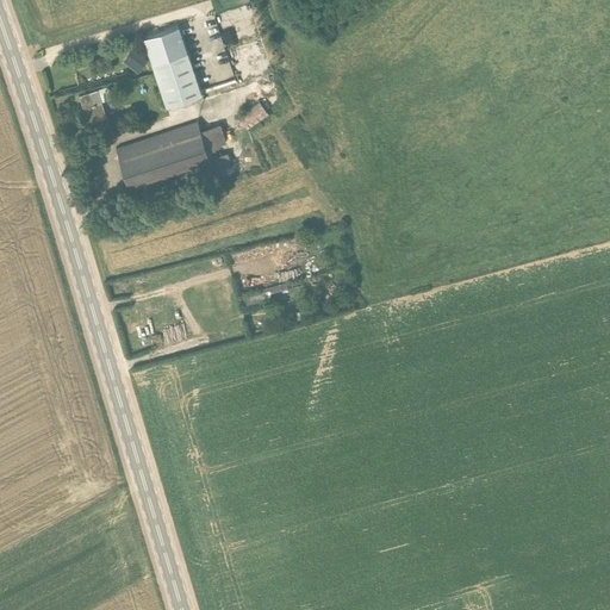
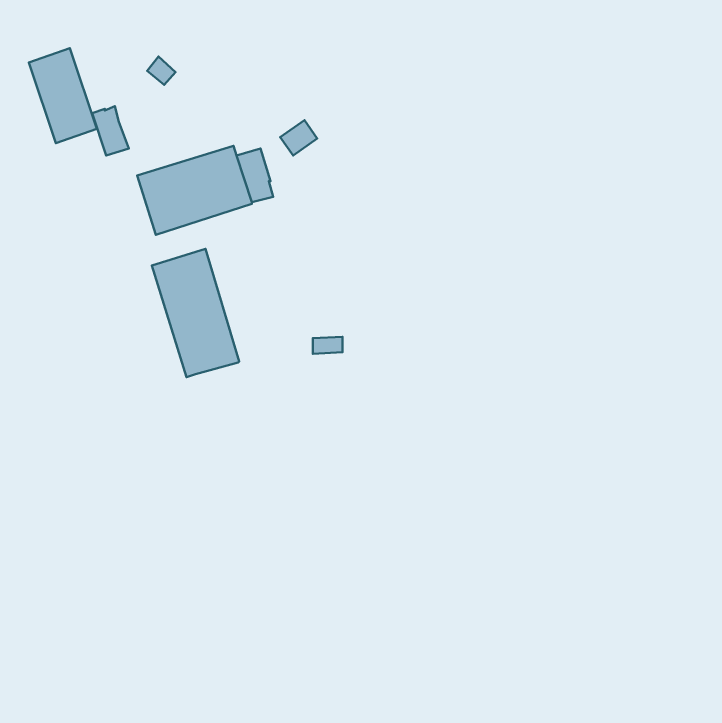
building: [143,27,200,107] -> [29,48,97,143]
building: none -> [152,249,239,377]

